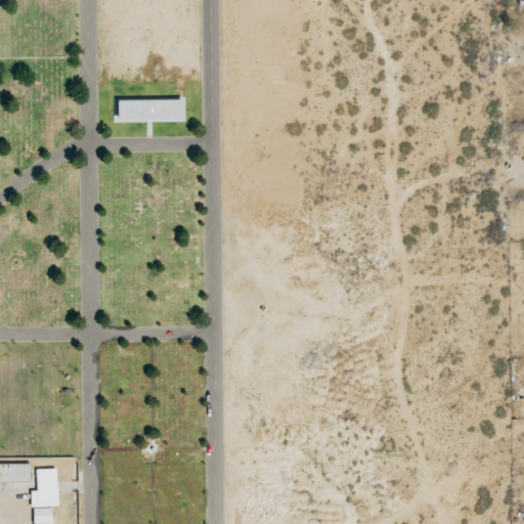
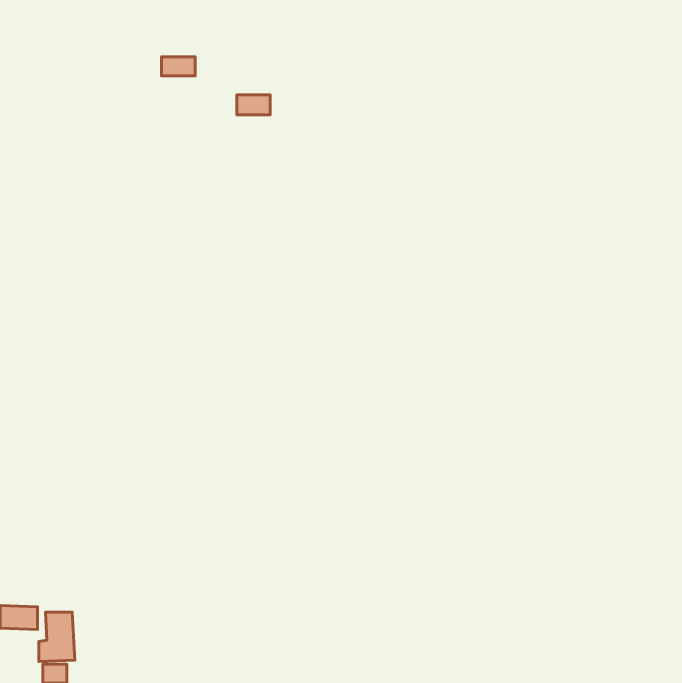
building: [120,102,145,117] -> [162,57,195,76]
building: [156,102,181,118] -> [237,95,270,115]

